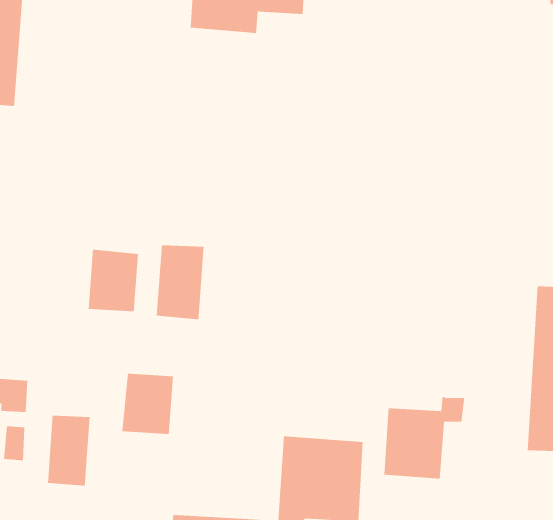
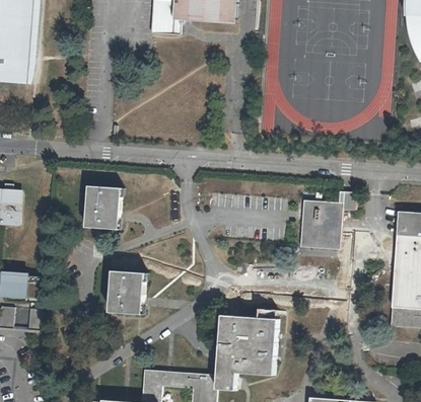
building: [156,244,204,320] -> none
building: [384,396,465,479] -> [298,191,355,249]
building: [47,415,90,487] -> none

